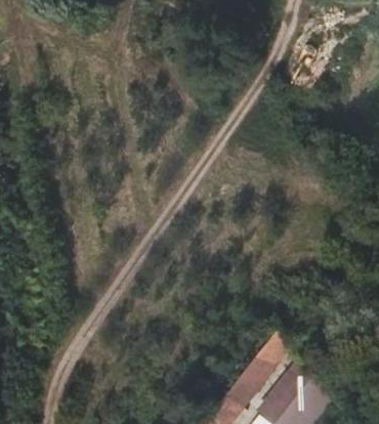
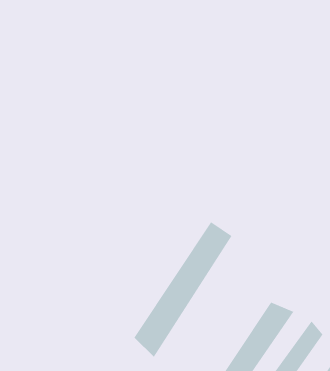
building: none -> [133,221,233,358]

